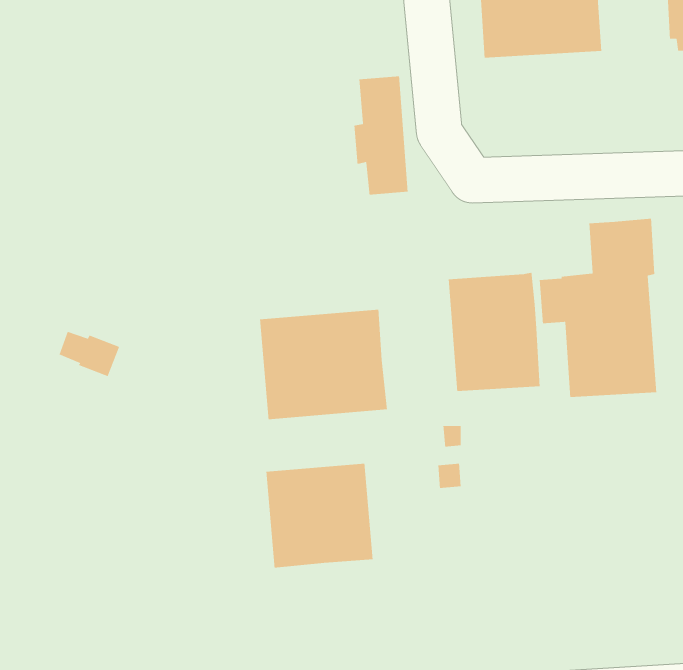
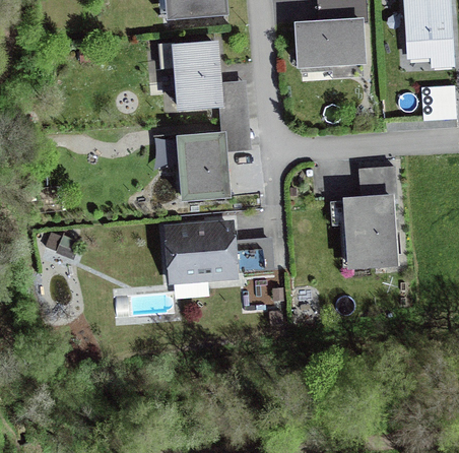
building: none -> [155,41,223,112]
building: [448,272,541,392] -> [176,131,231,202]
building: [266,463,373,568] -> none

